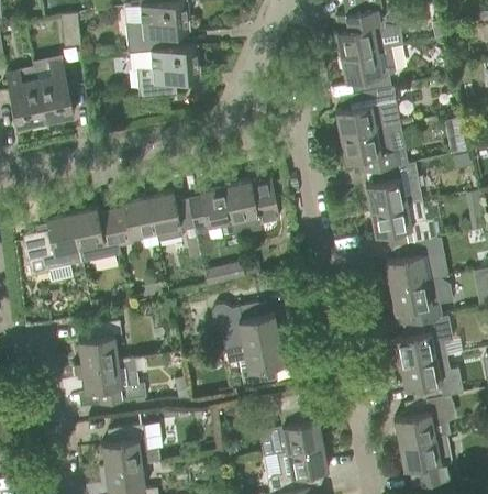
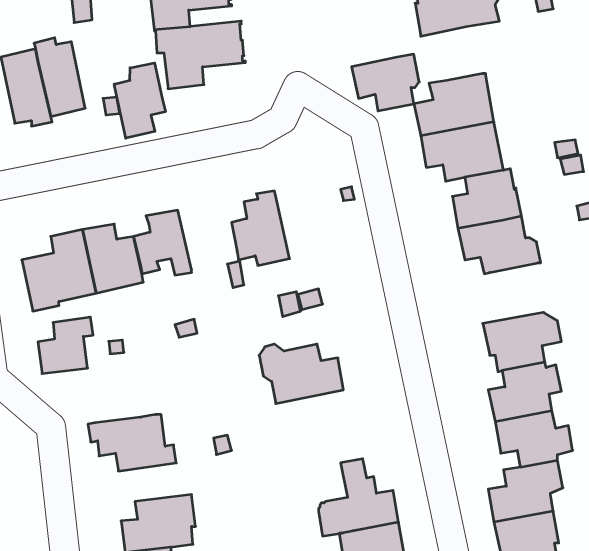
building: [341,47,395,92] -> [352,54,419,111]
building: none -> [114,63,165,138]
building: [225,177,280,234] -> none
building: [147,190,195,243] -> none
building: [386,238,439,286] -> none
building: [78,320,122,365] -> [38,317,93,374]
building: [225,339,284,386] -> none

